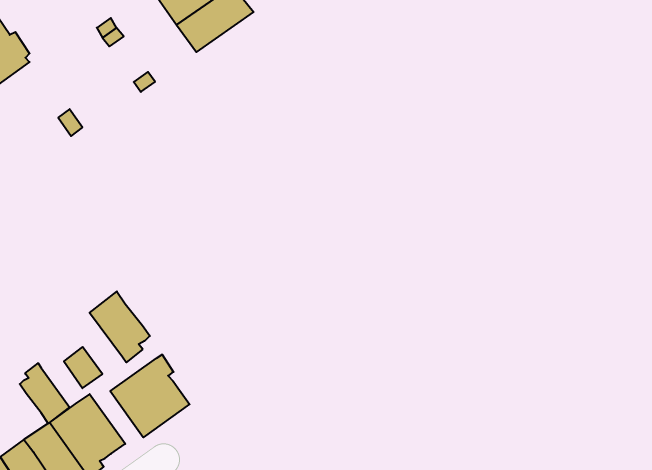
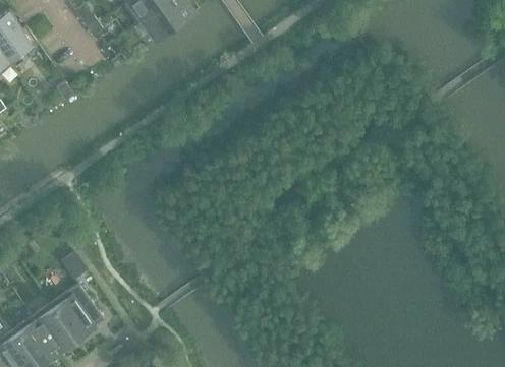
building: [90,291,150,362] -> none
building: [110,354,190,437] -> none
building: [20,363,70,424] -> none

